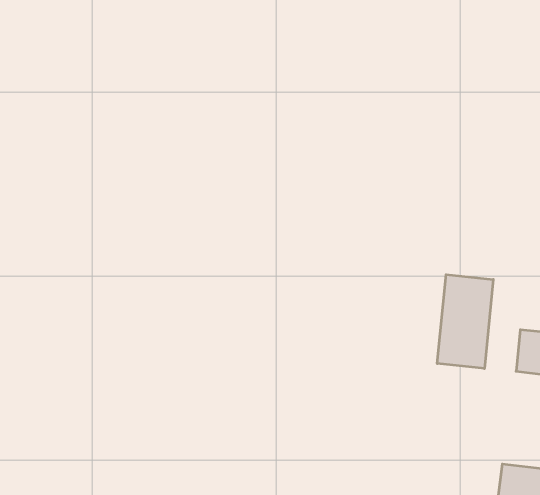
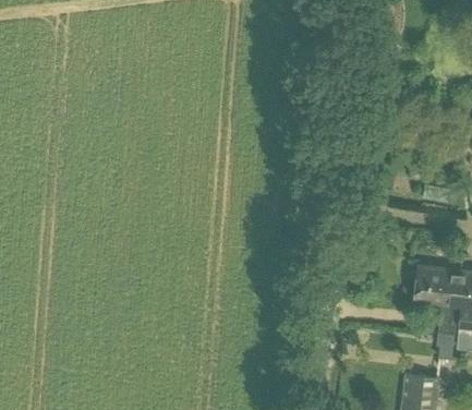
building: [437,275,493,369] -> none

